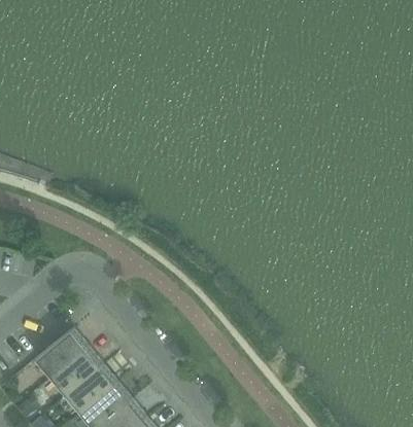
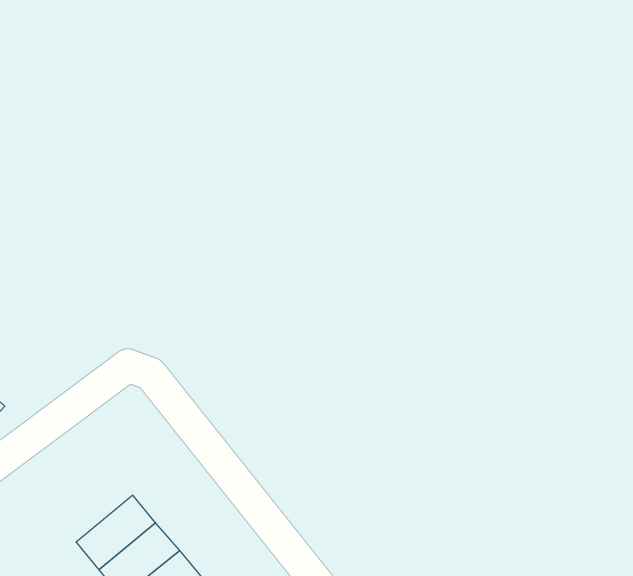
building: [35,329,87,378] -> none

